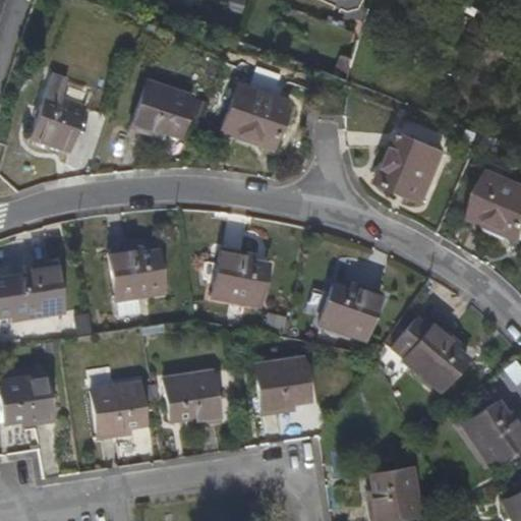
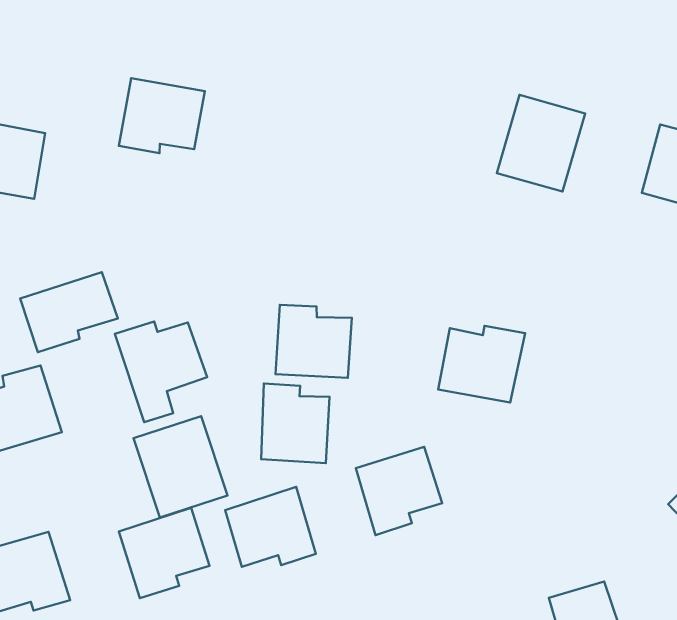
building: [224,86,290,149] -> none
building: none -> [20,272,118,352]
building: none -> [261,384,329,463]
building: none -> [134,416,227,517]
building: [394,316,469,390] -> none

